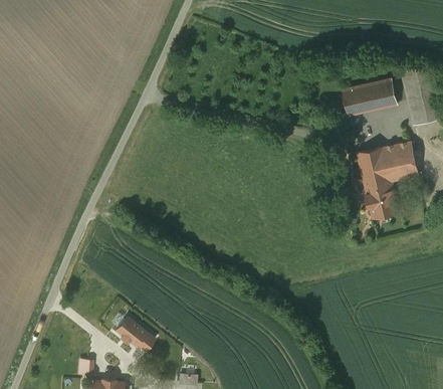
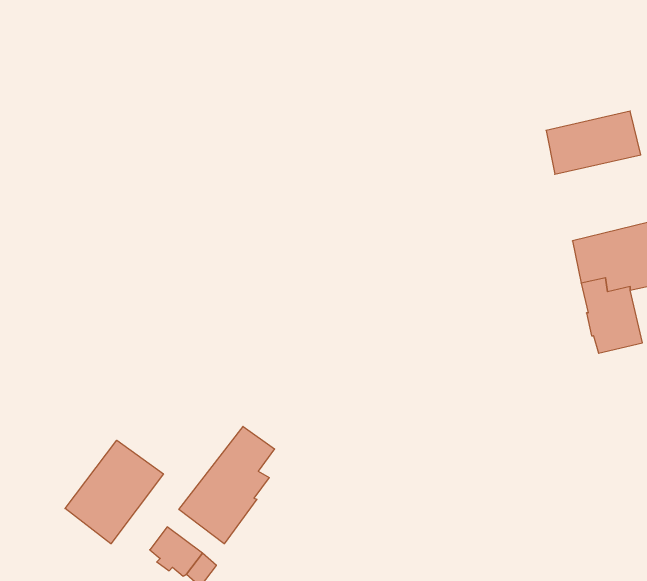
building: none -> [179,426,275,544]
building: none -> [65,440,163,544]

